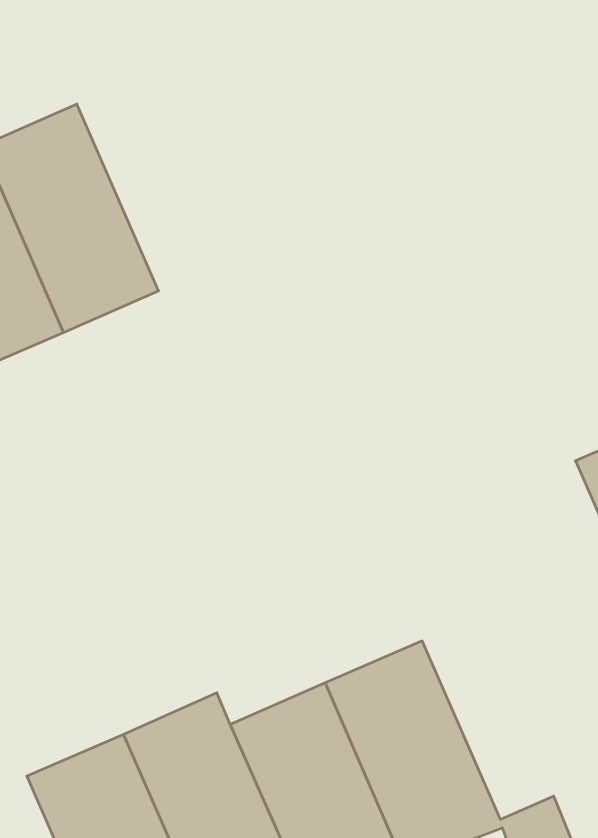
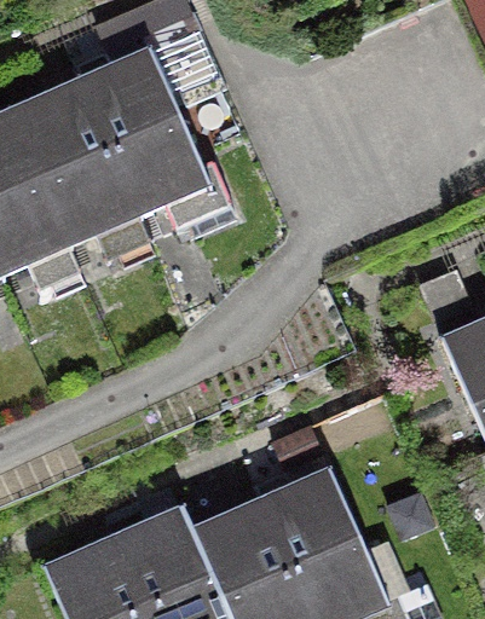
building: none -> [80,48,237,235]

